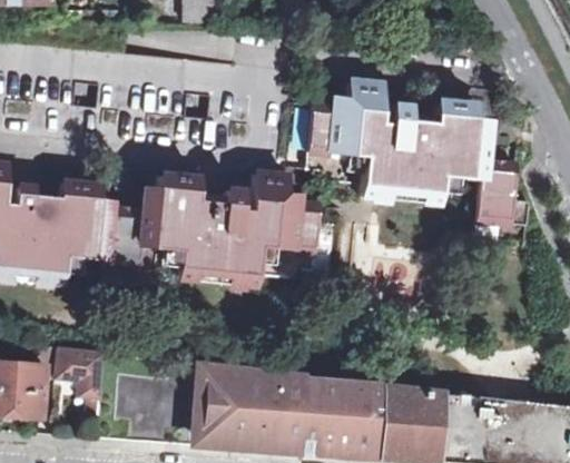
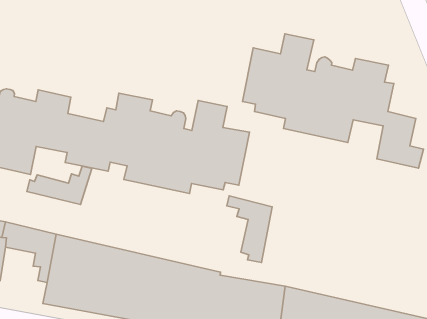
building: none -> [27,166,92,204]
building: none -> [227,196,272,263]

